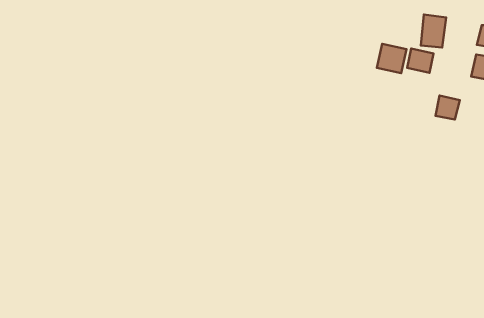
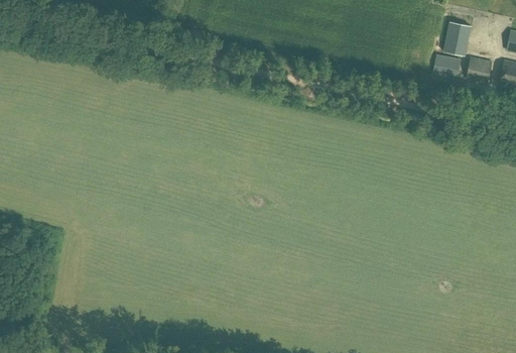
building: [377,44,407,73] -> none
building: [435,95,460,120] -> [467,57,492,83]

